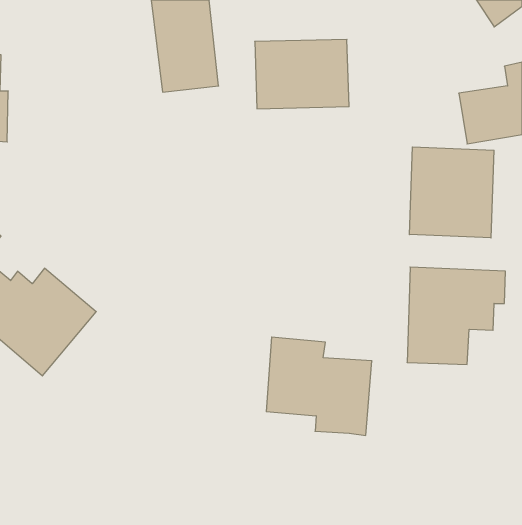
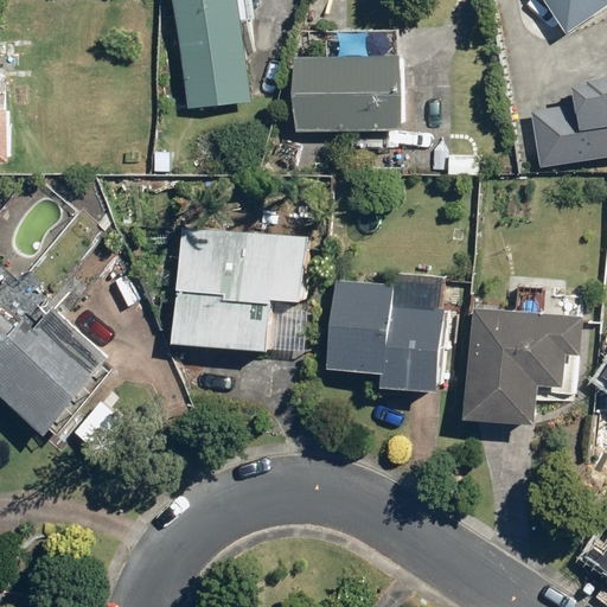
building: [409,147,494,238] -> none
building: none -> [172,229,309,350]
building: [266,337,372,435] -> [326,281,447,394]

